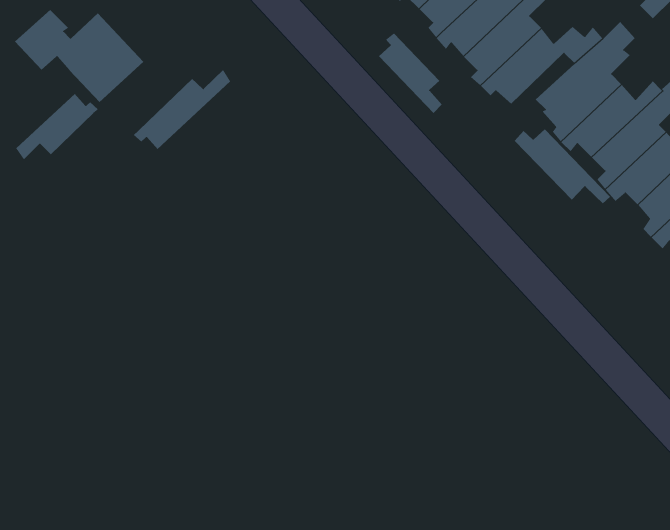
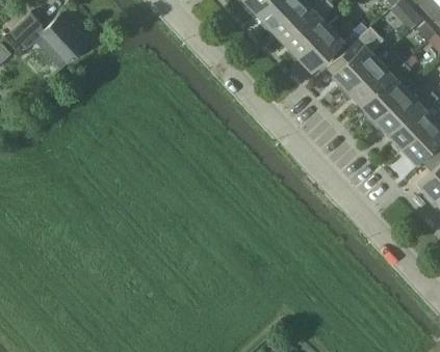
building: [378,33,443,114] -> none
building: [133,69,231,150] -> none
building: [16,93,98,160] -> none
building: [514,129,611,204] -> none

